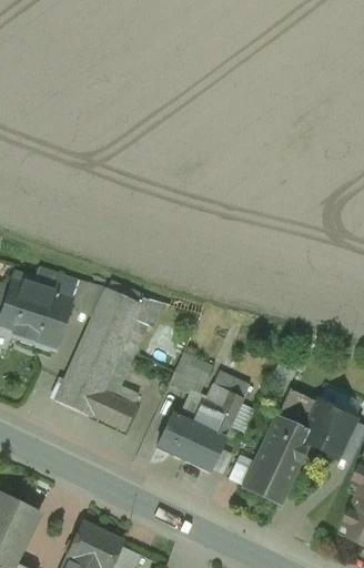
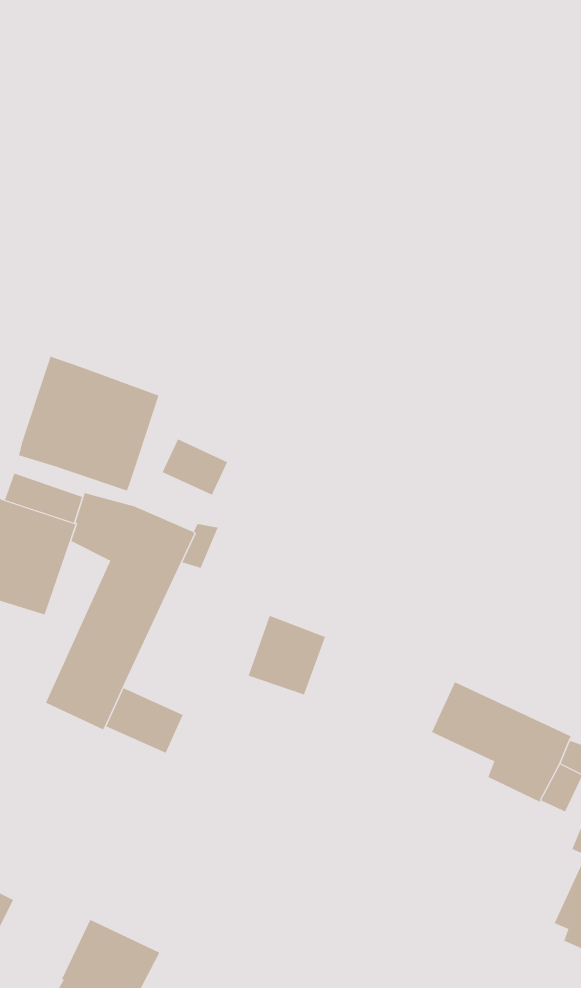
building: none -> [18,356,159,492]
building: none -> [162,438,228,496]
building: [159,384,245,469] -> none
building: [245,417,313,504] -> none

